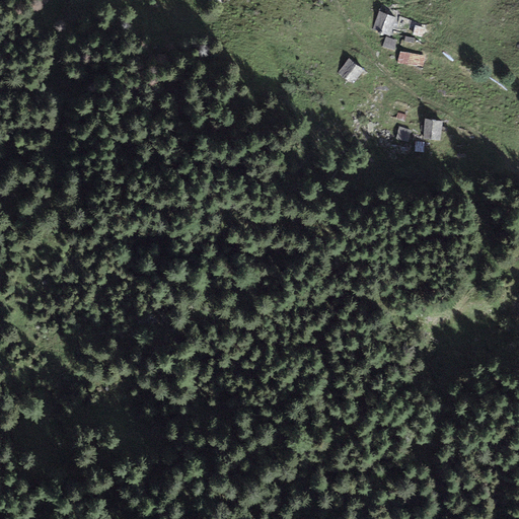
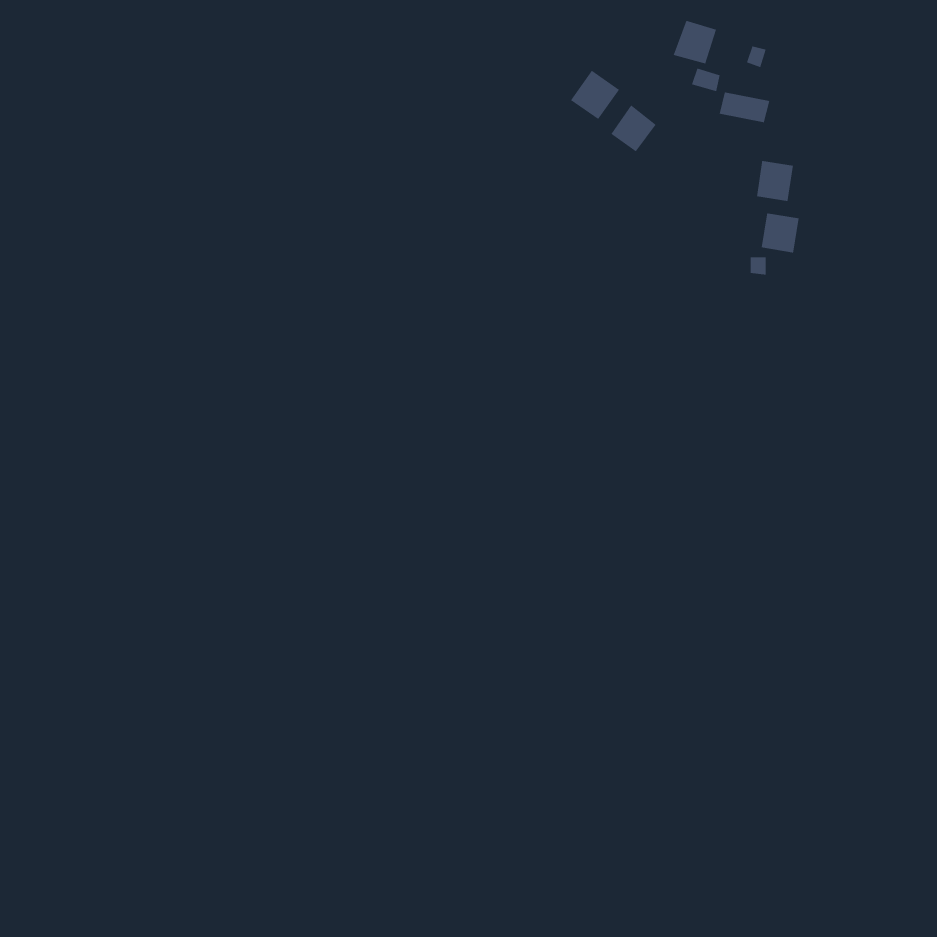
building: none -> [570,70,620,120]
building: none -> [756,160,793,202]

